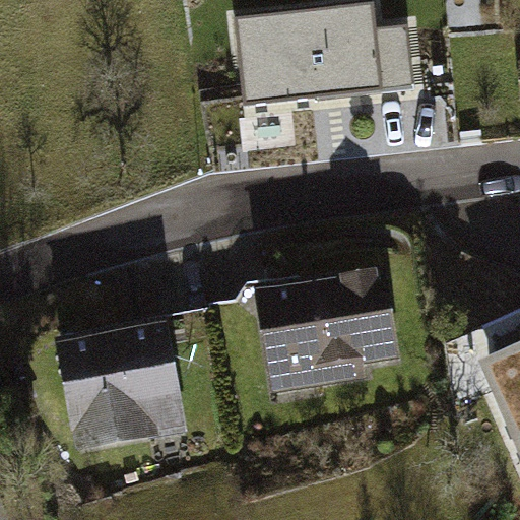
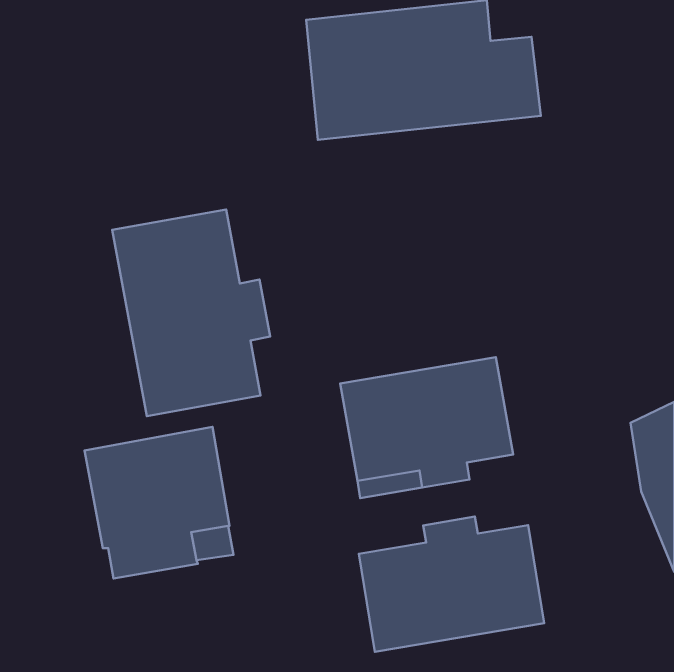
building: none -> [112,209,270,416]
building: none -> [359,517,544,652]

